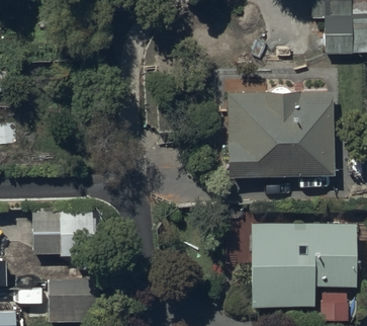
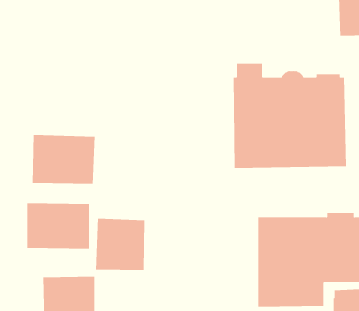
building: none -> [32,134,95,185]
building: none -> [96,218,145,271]

